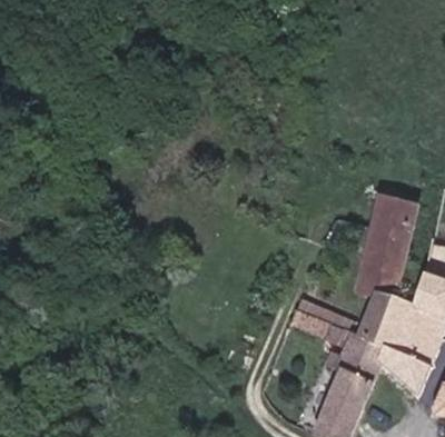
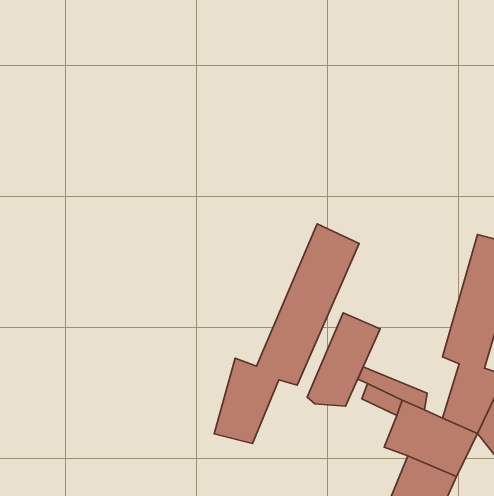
building: none -> [214,224,359,444]
building: none -> [307,313,380,406]

